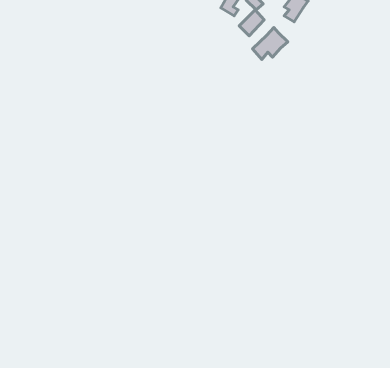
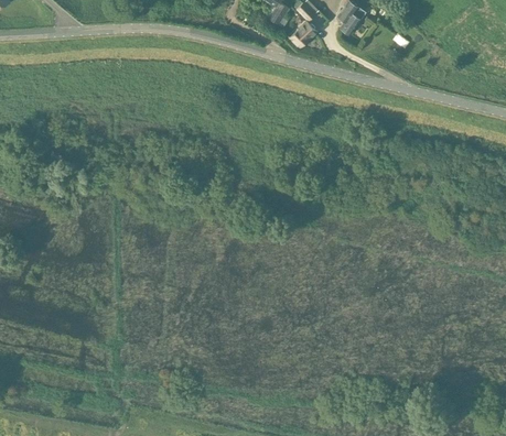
building: [252,28,288,59] -> none

